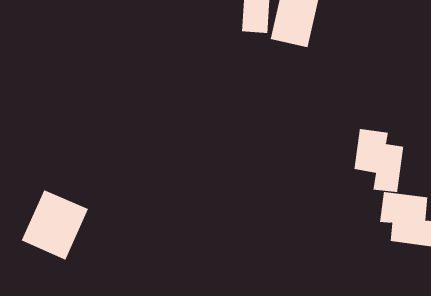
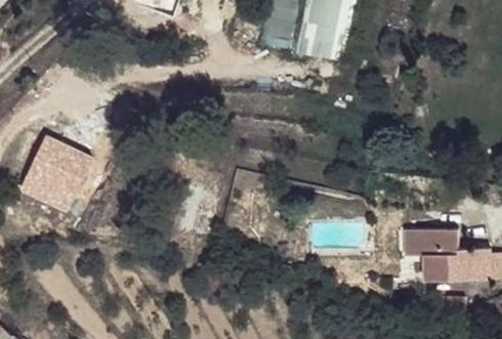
building: [354,128,404,193] -> none
building: [21,190,89,261] -> [17,136,90,212]

